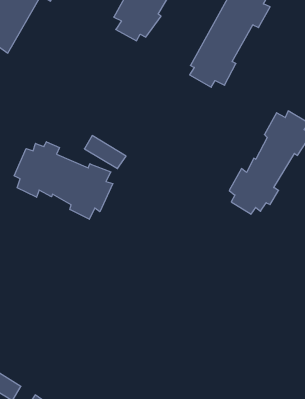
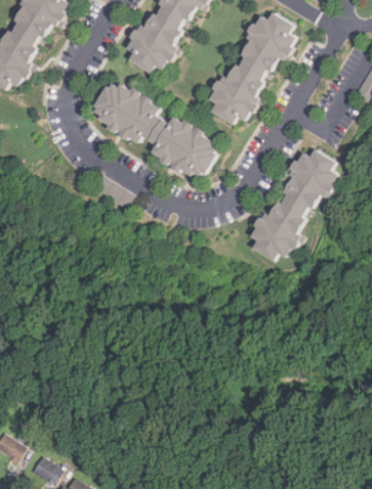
building: none -> [85,82,220,176]
building: [14,142,113,219] -> none

